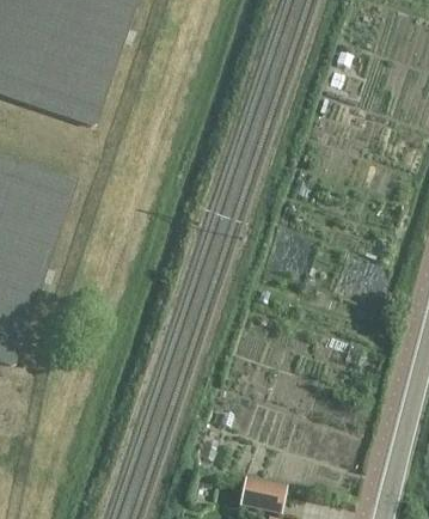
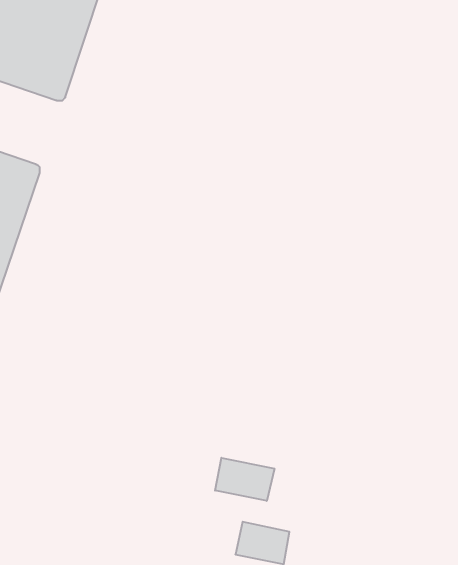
building: none -> [215,458,274,501]

